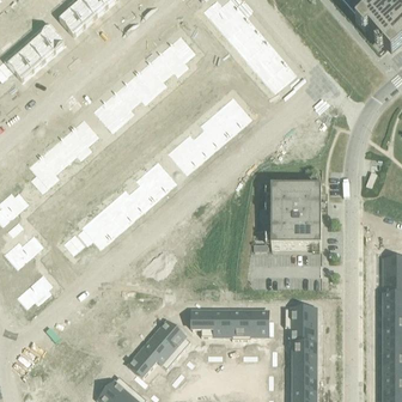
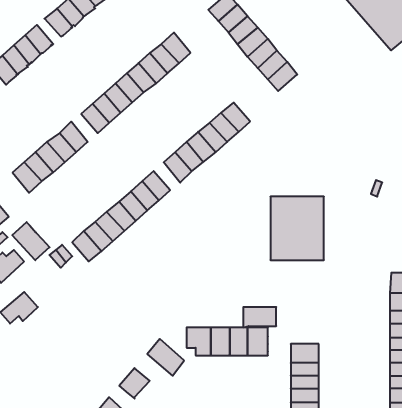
building: none -> [12,222,50,260]
building: [285,307,316,327] -> [243,307,276,327]
building: [142,335,178,368] -> none

